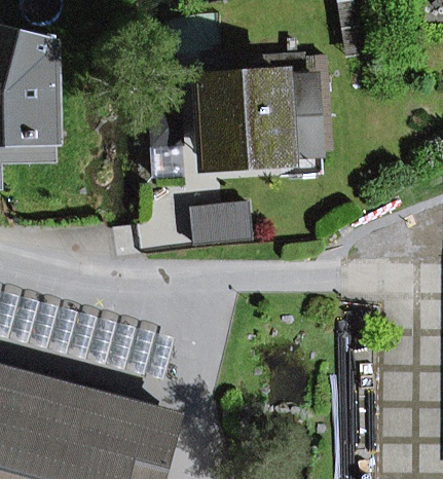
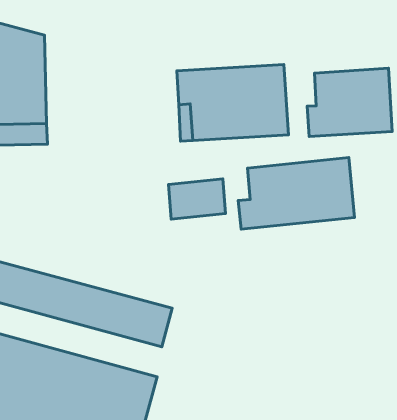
building: none -> [307,68,392,137]
building: none -> [238,157,355,229]

